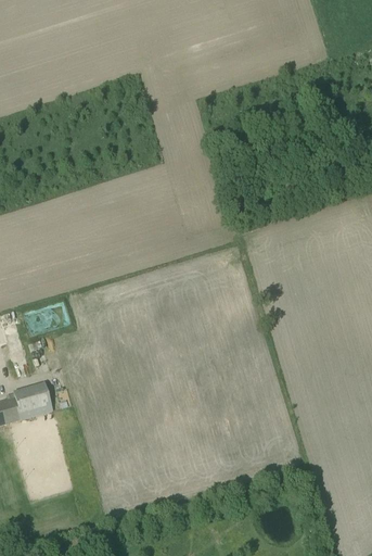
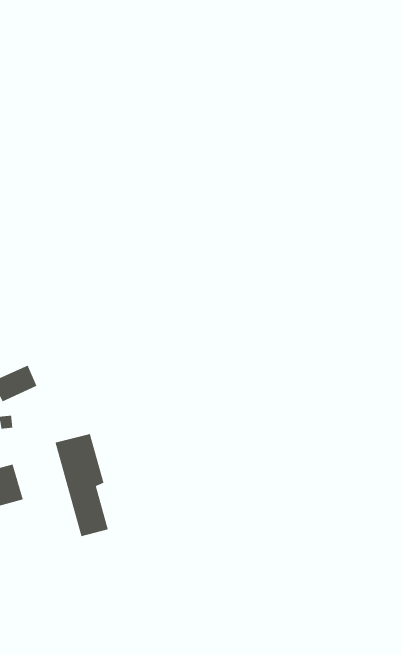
building: none -> [54,433,109,537]

